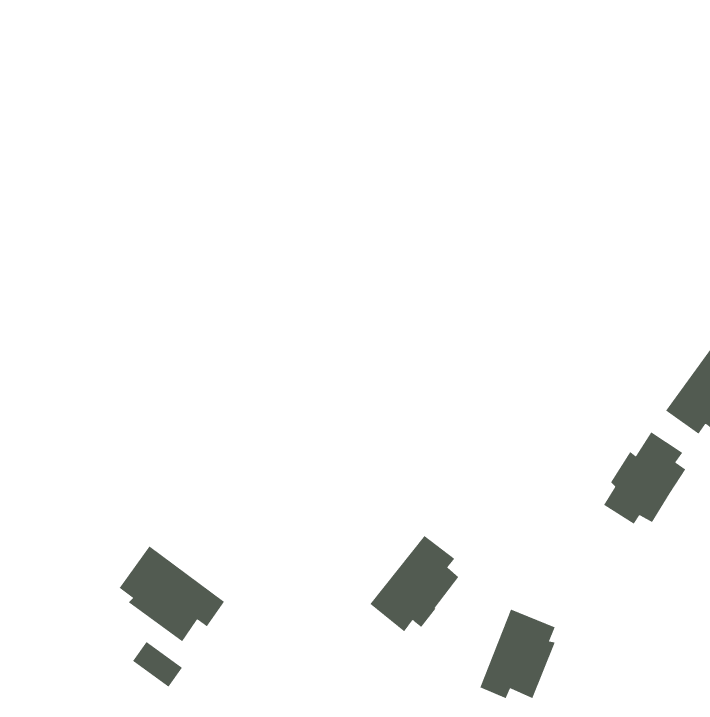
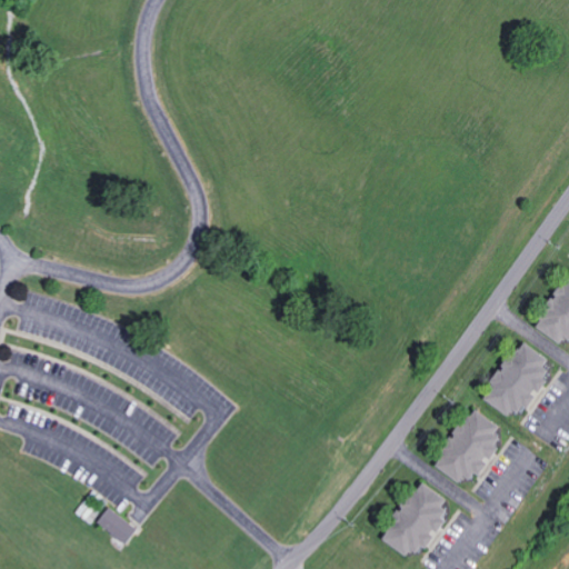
building: [369,535,459,632] -> [430,408,501,485]
building: [119,546,225,642] -> none

